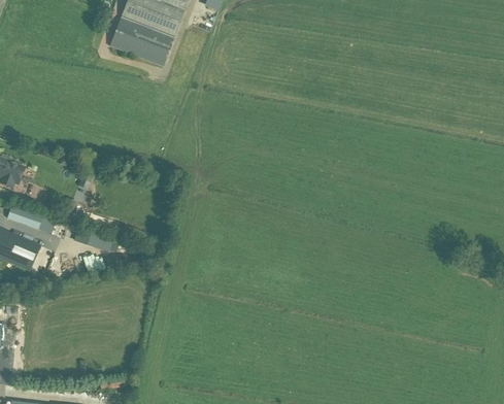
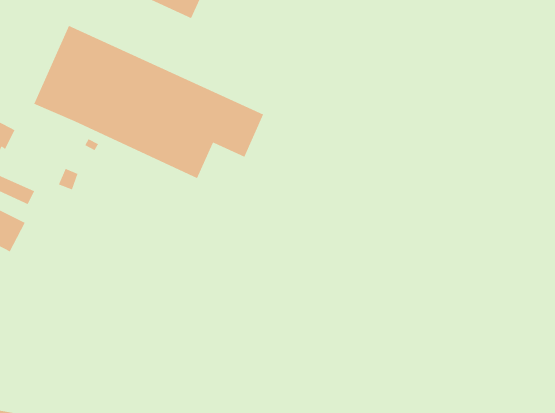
building: none -> [33,25,264,179]

